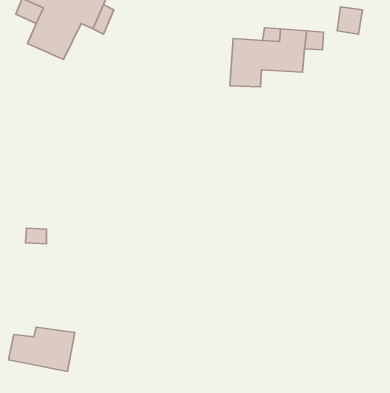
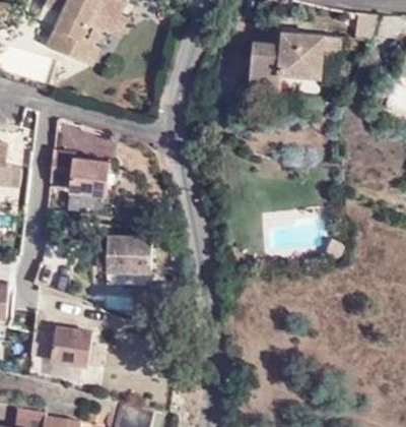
building: none -> [51,147,112,194]
building: none -> [96,236,152,285]

